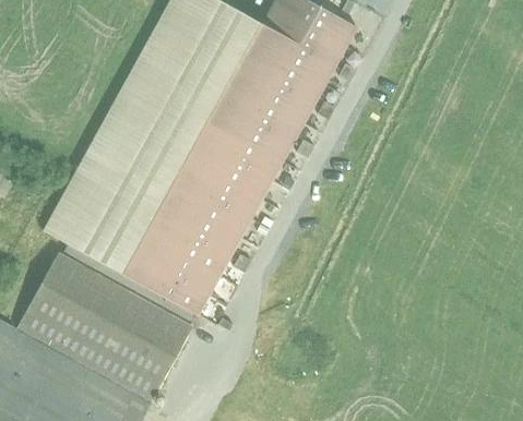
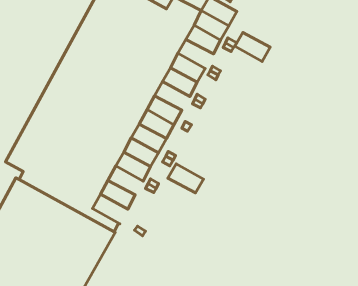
building: [276,65,324,105] -> [235,33,270,62]
building: [245,122,293,161] -> none
building: [181,237,229,276] -> [168,164,203,193]
building: [161,275,209,315] -> none

